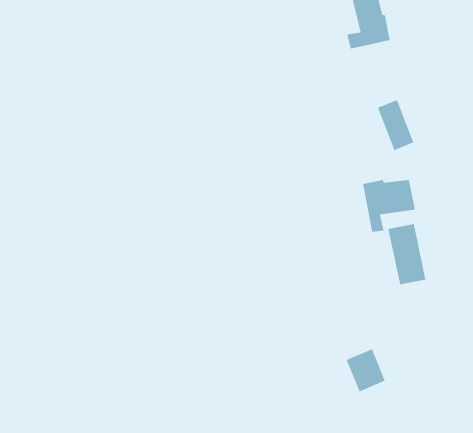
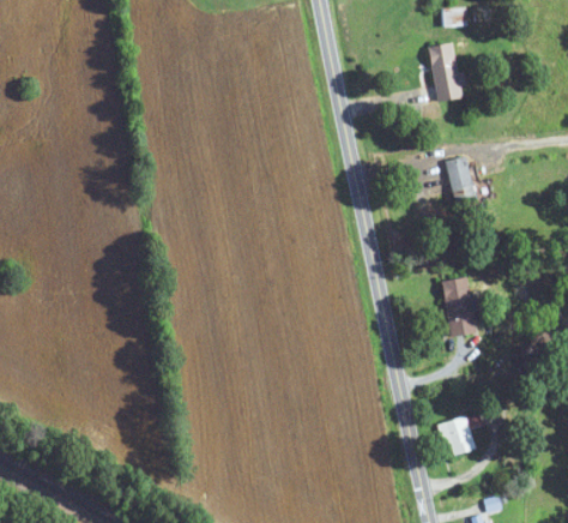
building: [363,179,416,232] -> none
building: [346,348,385,392] -> [440,416,476,457]

